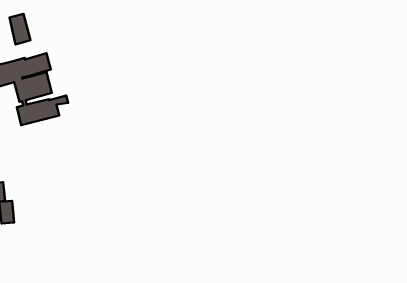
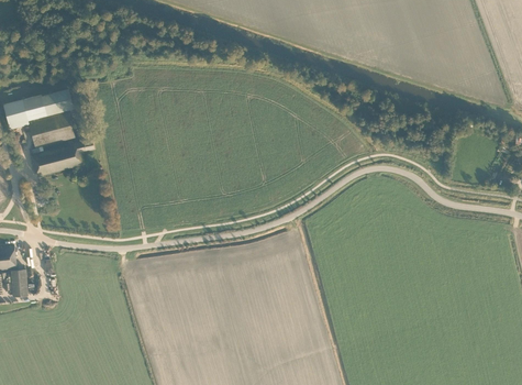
building: [9,14,31,45] -> none

